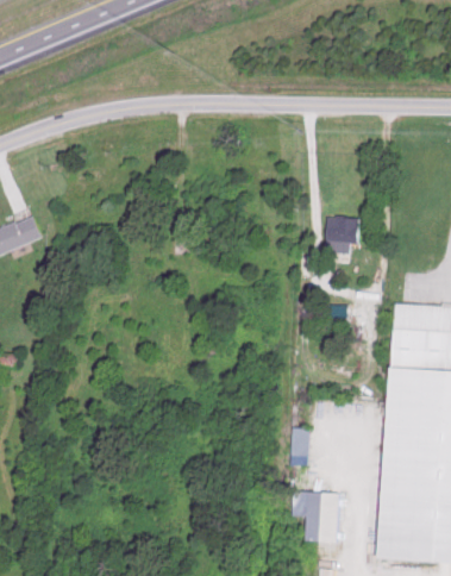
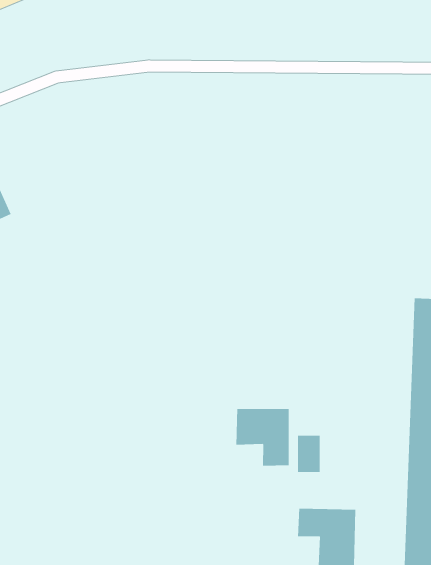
building: [325,217,358,255] -> none
building: none -> [236,408,289,467]

